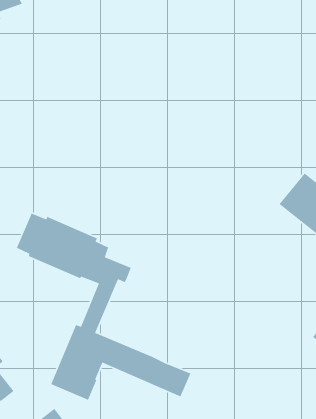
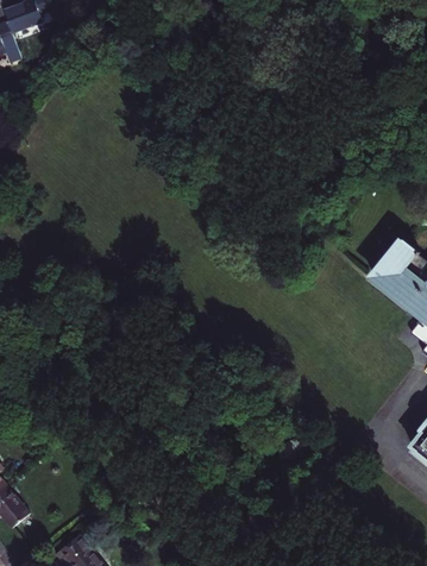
building: [16,213,191,401] -> none

